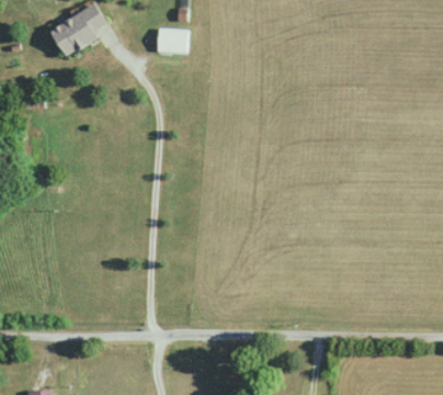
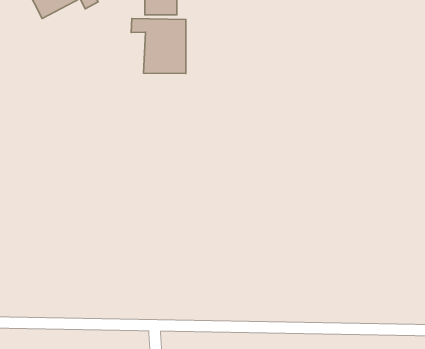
building: none -> [131,18,186,73]

